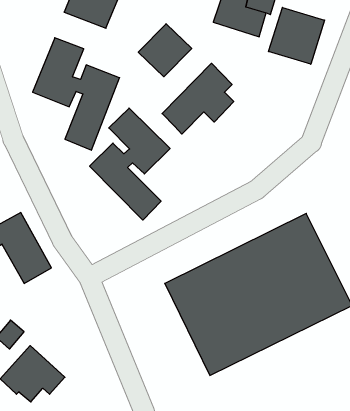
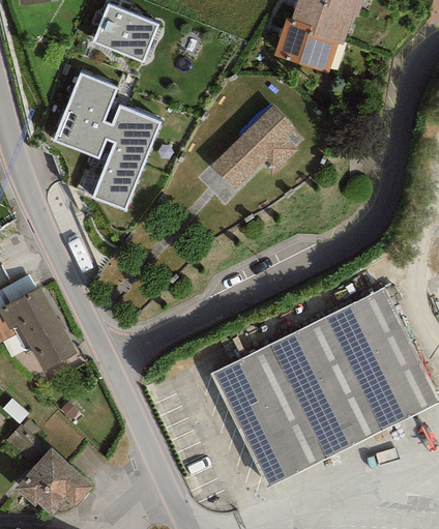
building: [269,7,325,64] -> none
building: [138,24,192,77] -> none
building: [90,108,170,220] -> none

